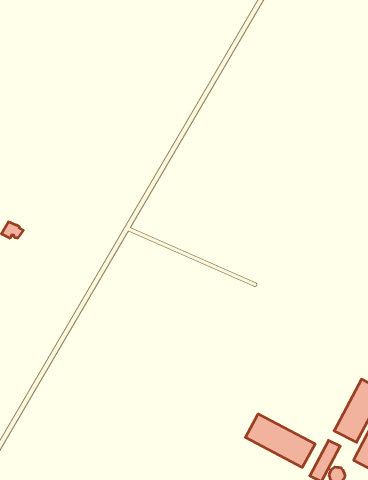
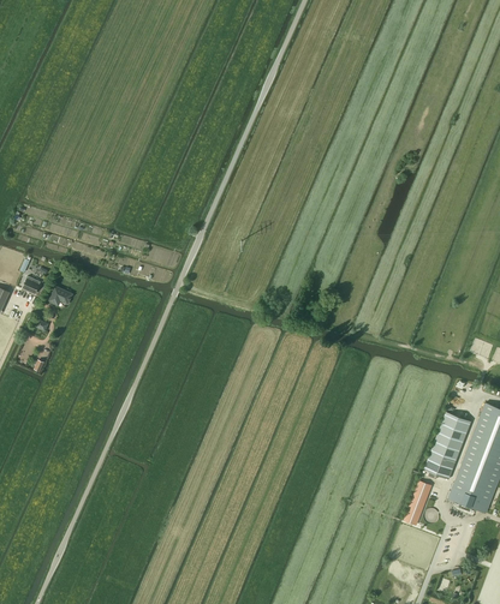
building: [245,414,315,467] -> none

